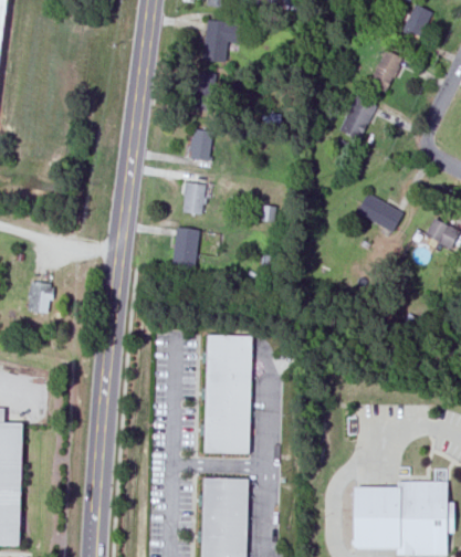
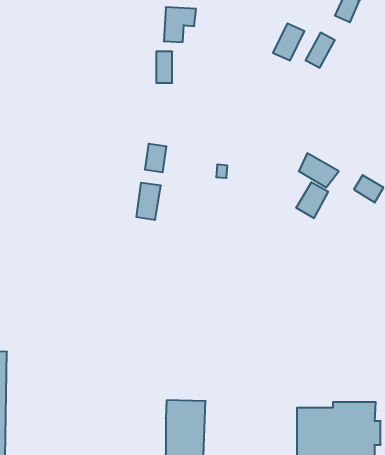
building: [337,96,374,139] -> [273,24,304,61]
building: [186,128,211,160] -> none
building: none -> [296,182,328,218]
building: [27,281,49,312] -> none
building: [206,335,253,452] -> none

